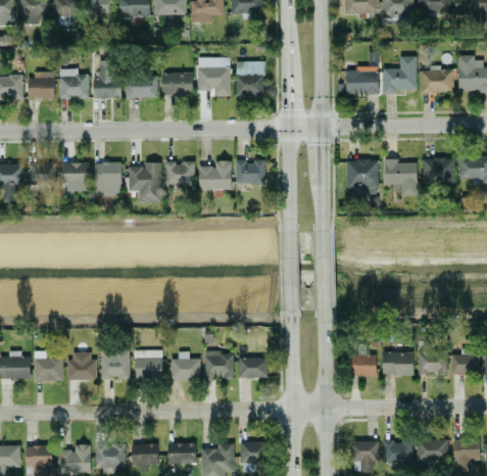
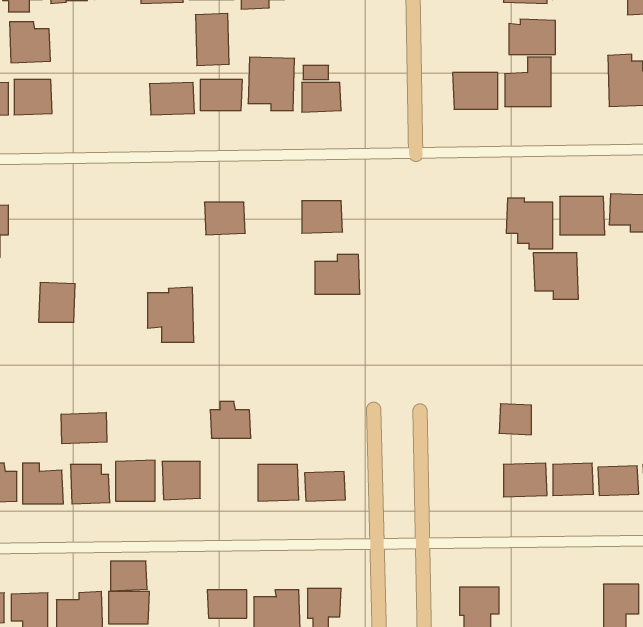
building: [95,61,119,99] -> [195,13,229,66]
building: [421,67,454,93] -> [509,19,555,54]
building: [59,69,89,99] -> [10,22,50,63]
building: [346,160,379,194] -> [533,253,578,299]
building: [199,161,232,190] -> [315,255,360,294]
building: [62,162,89,191] -> [39,283,75,322]
building: [94,162,121,196] -> none
building: [129,162,162,202] -> [147,287,194,342]
building: [29,163,56,186] -> none
building: none -> [61,412,107,444]
building: [171,352,200,379] -> [210,401,251,438]
building: [352,354,376,377] -> [499,404,531,435]
building: [417,439,448,462] -> none
building: [384,441,412,465] -> none
building: [132,444,158,466] -> [111,561,147,591]

